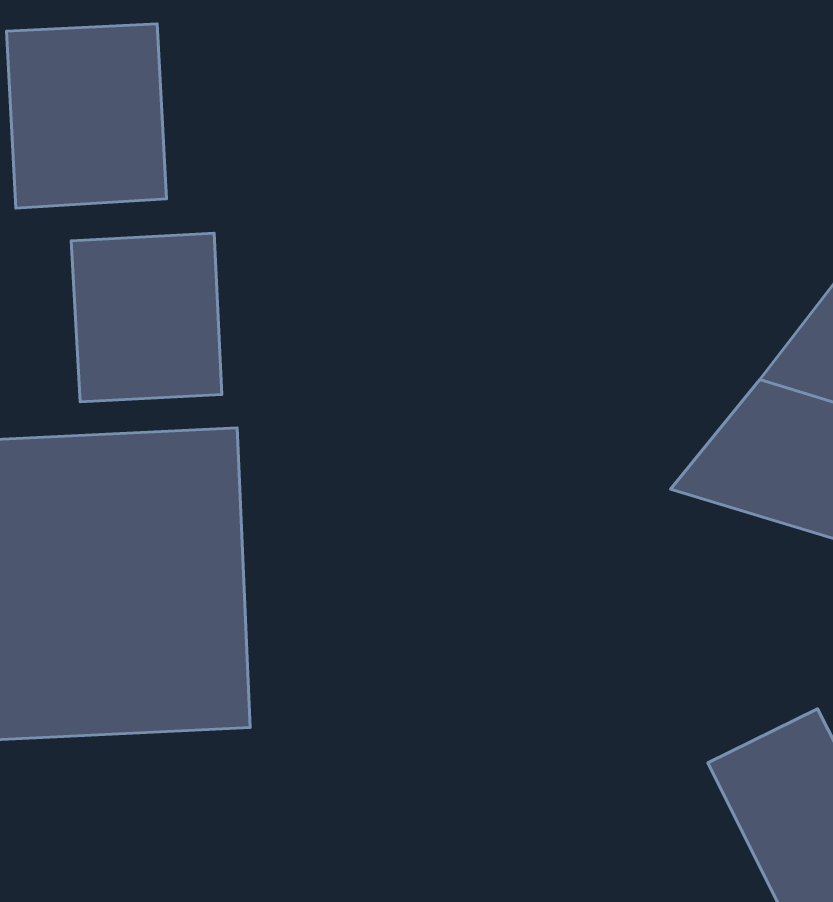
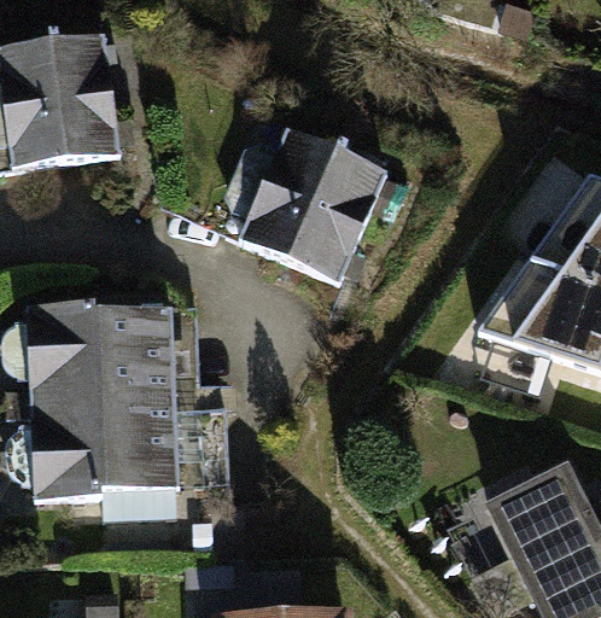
building: none -> [240,128,386,288]
building: [71,233,222,402] -> none

